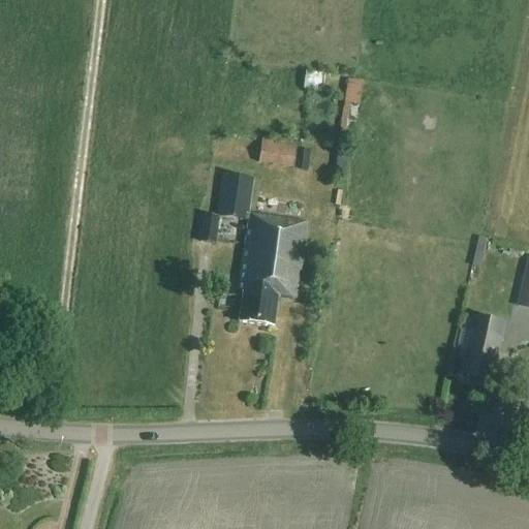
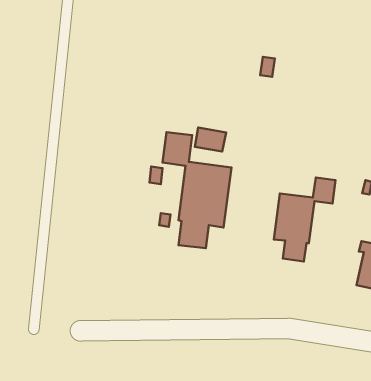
building: [260,134,301,165] -> [195,128,226,152]
building: none -> [274,177,336,262]

